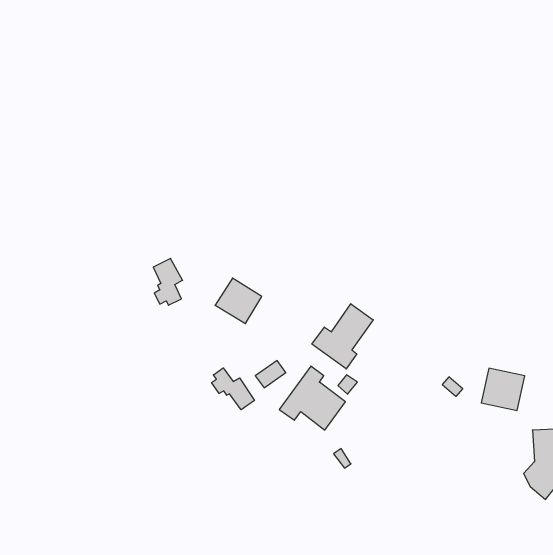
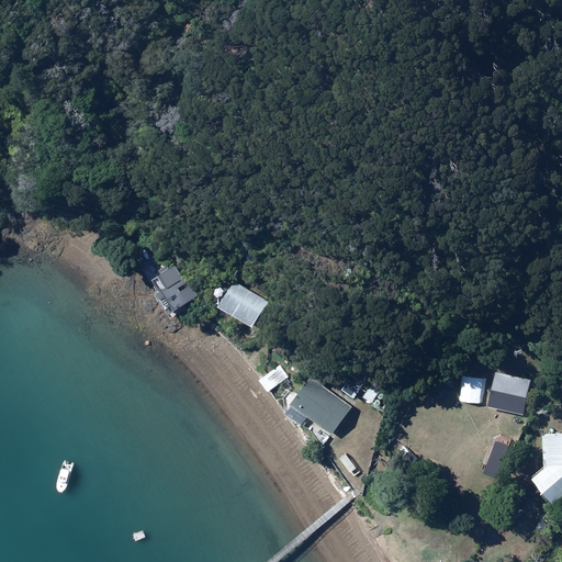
building: [312,304,373,369] -> none
building: [212,368,254,410] -> none

